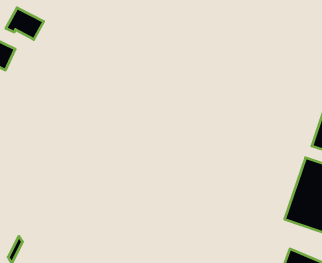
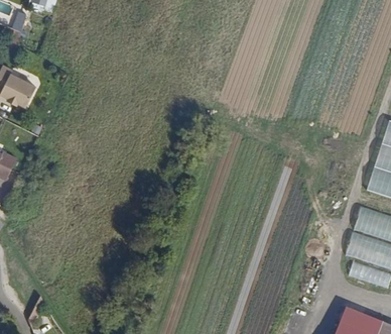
building: [6,8,44,40] -> none

